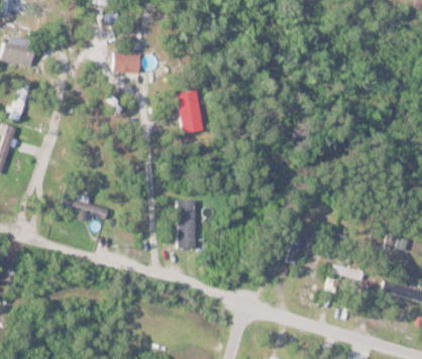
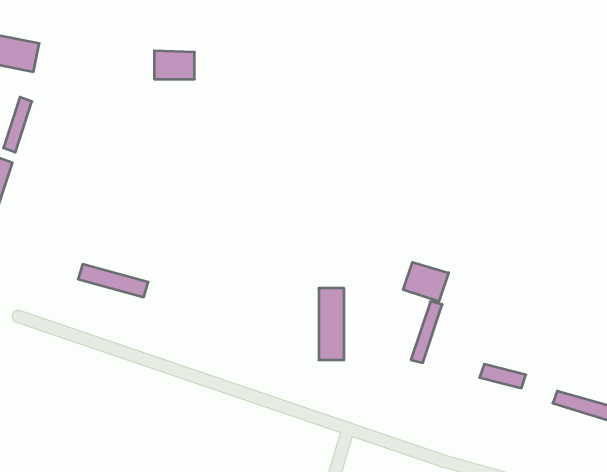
building: [178,91,204,133] -> none
building: none -> [403,262,449,302]
building: [178,200,195,248] -> [319,288,344,360]

